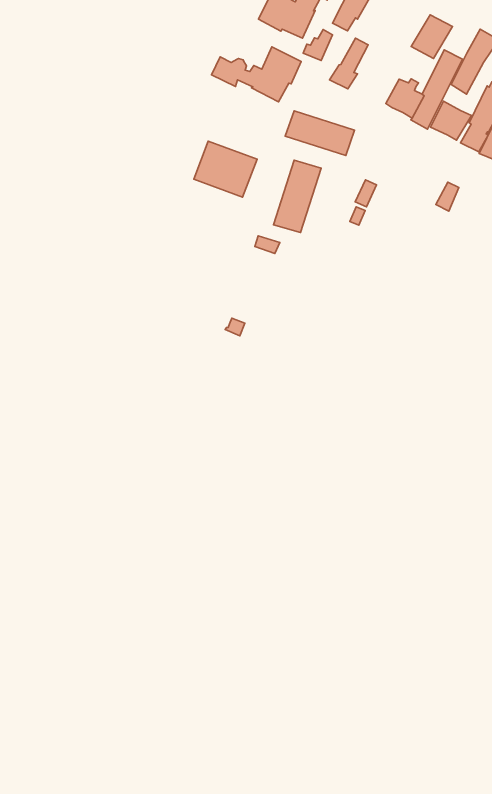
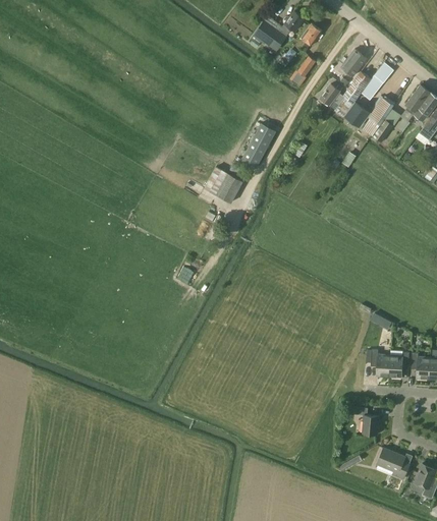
building: [212,47,301,102] -> none
building: [285,111,355,155] -> none
building: [194,141,257,197] -> [203,166,242,202]

